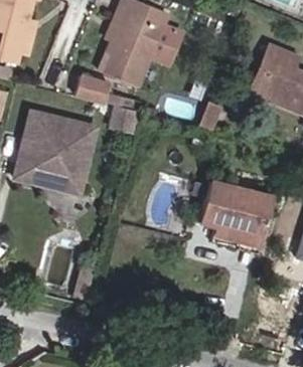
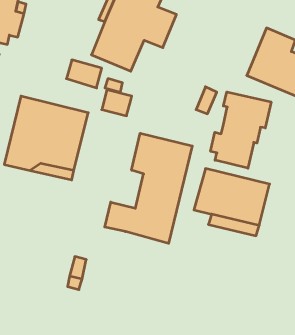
building: none -> [211,92,271,168]
building: none -> [105,133,192,243]

